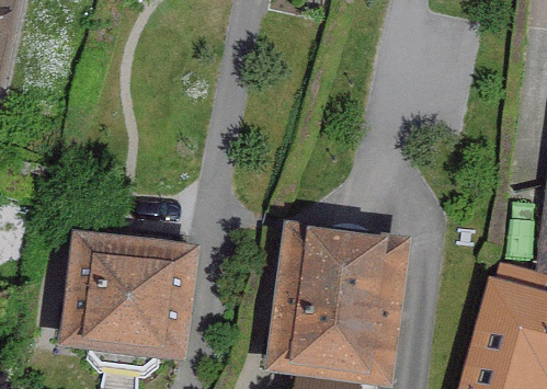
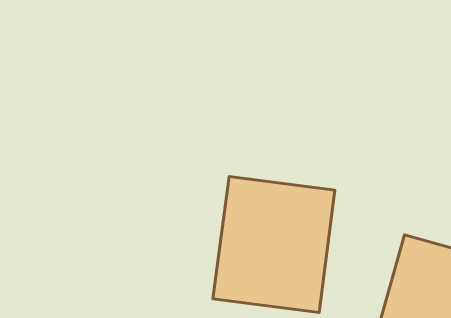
building: [58,234,193,365] -> none

